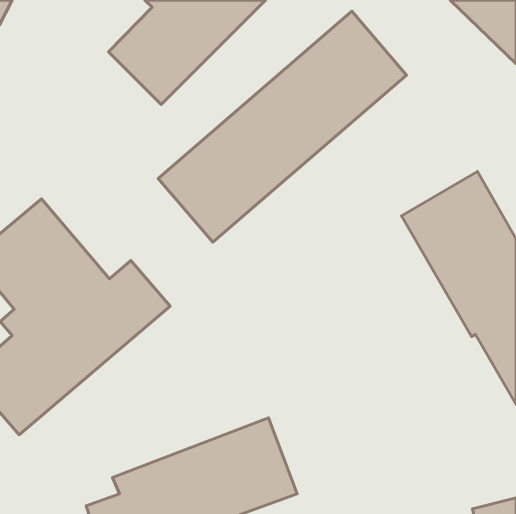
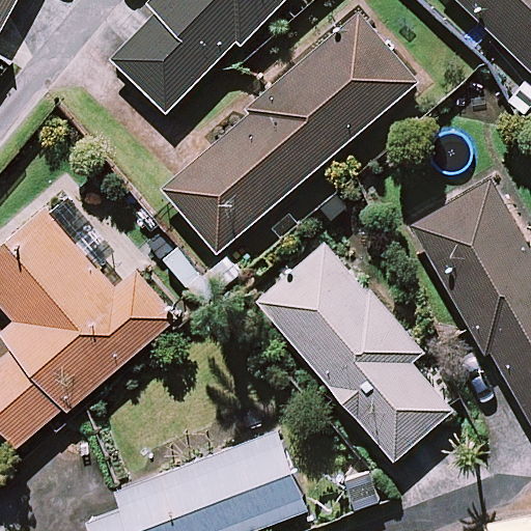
building: none -> [258,243,454,459]

